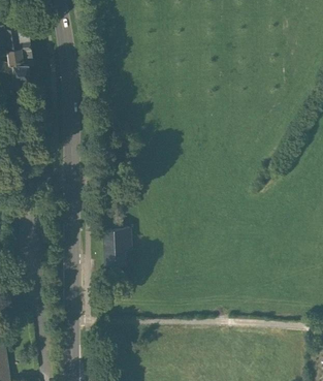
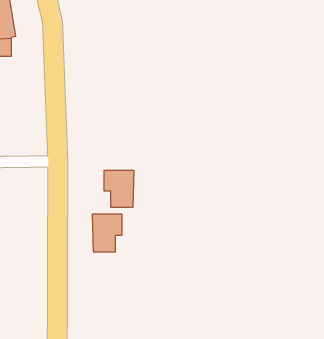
building: none -> [104,170,134,207]

